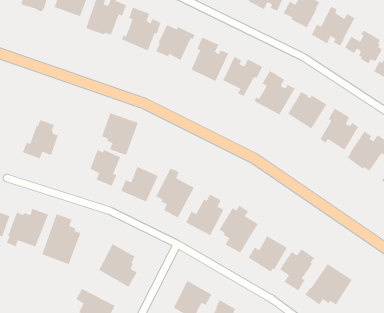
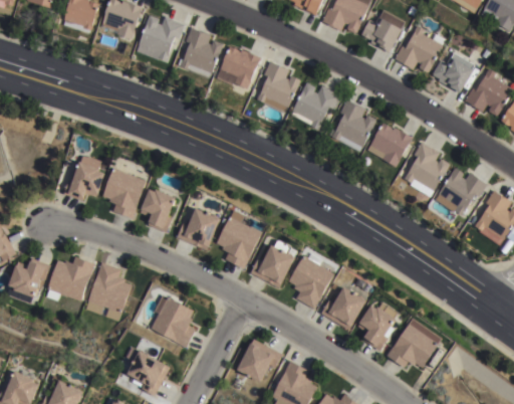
building: [101,112,139,156] -> [103,168,147,218]

